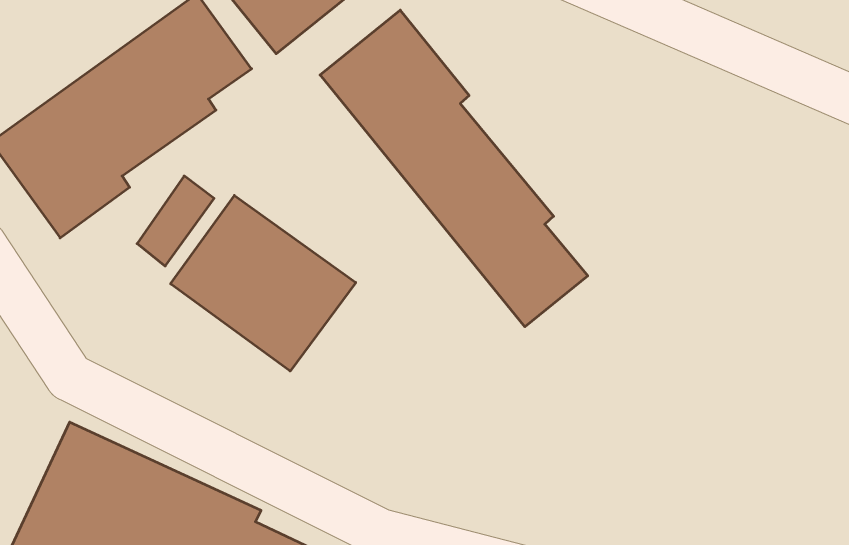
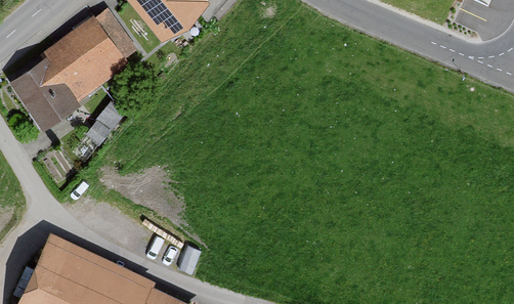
building: [320,10,588,327] -> none
building: [171,195,356,371] -> none

